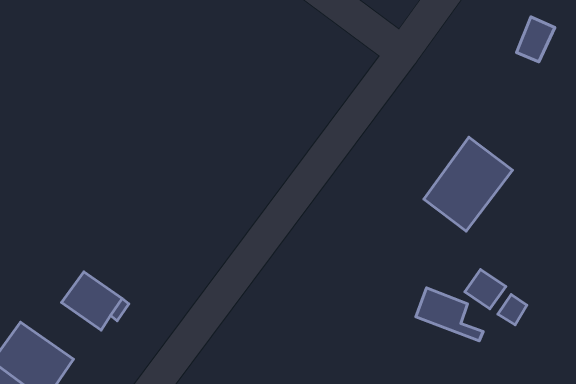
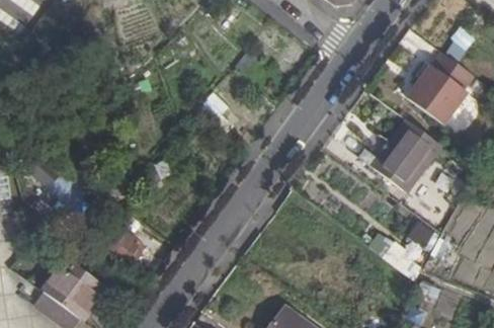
building: none -> [409,57,469,120]

